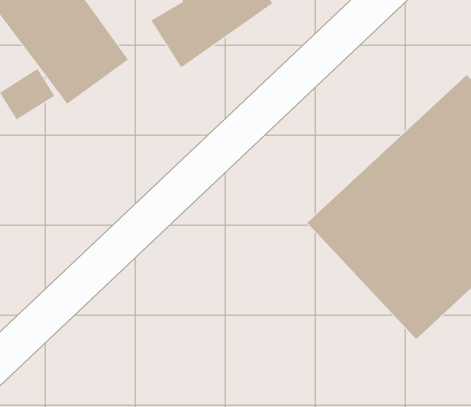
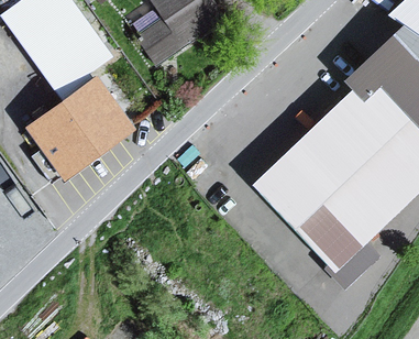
building: none -> [32,80,134,178]

